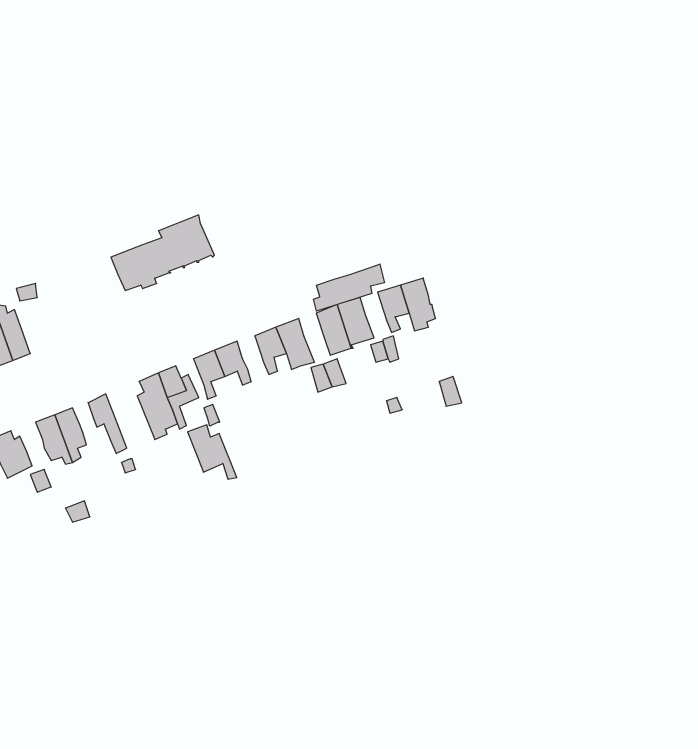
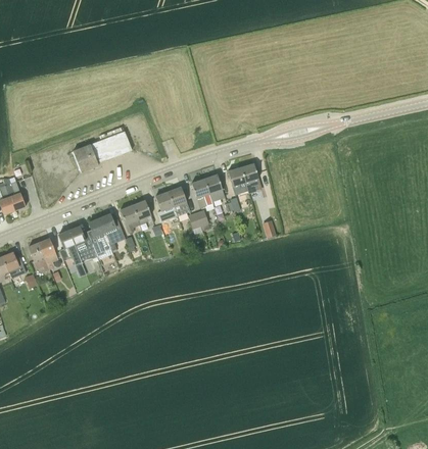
building: [313,264,384,311] -> none
building: [188,425,237,479] -> [68,227,97,258]

